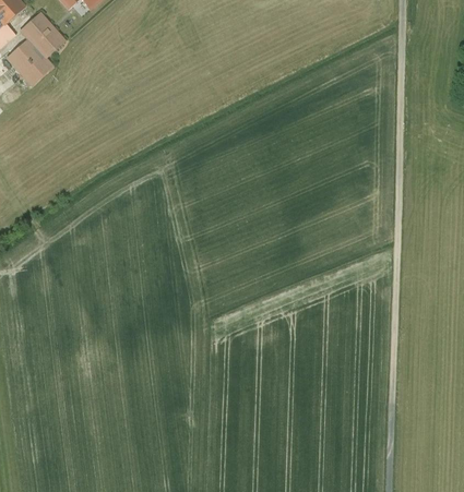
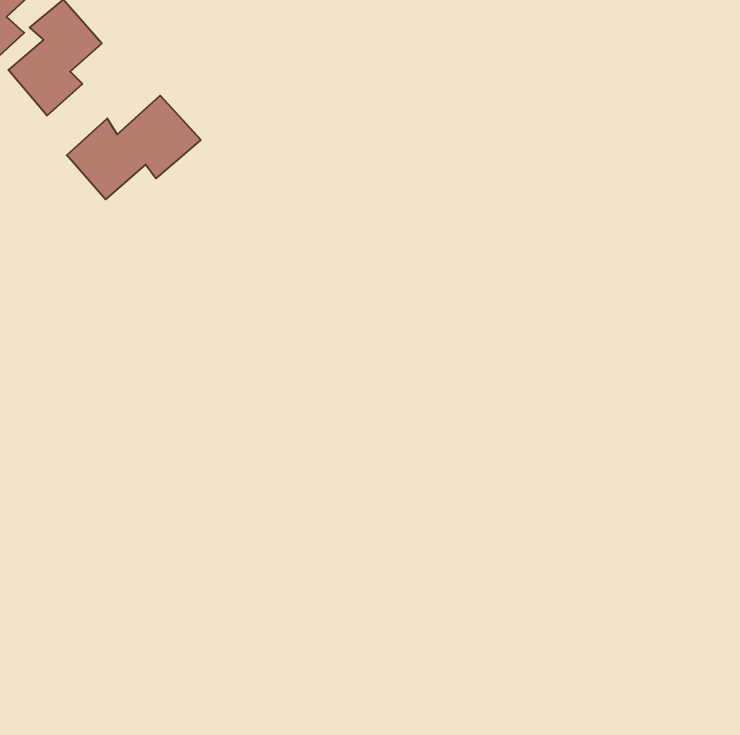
building: none -> [67,96,201,199]

